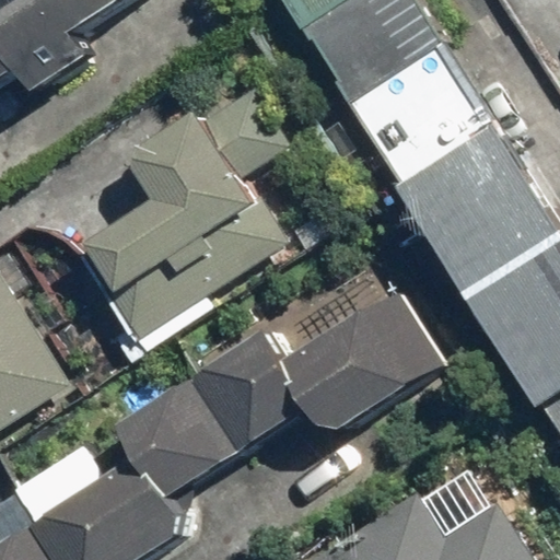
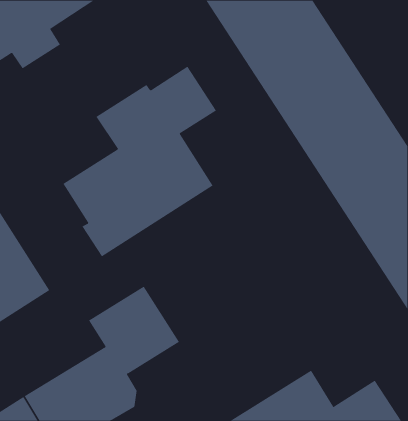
building: [191,292,444,454] -> none

